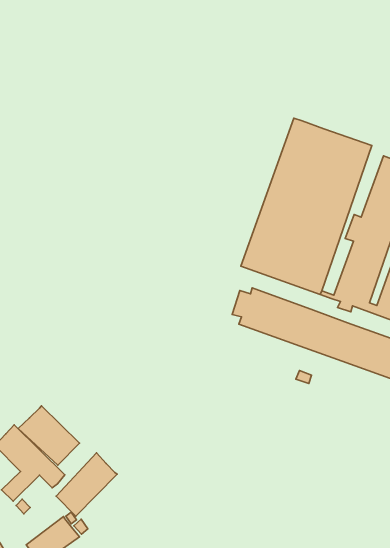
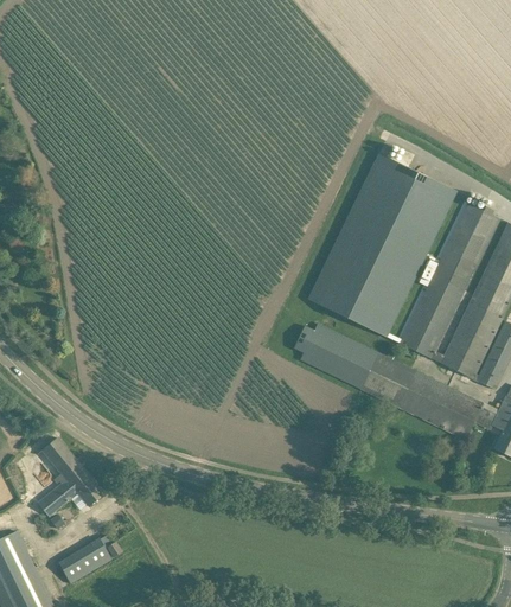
building: [18,406,80,465] -> none
building: [56,453,117,516] -> none

